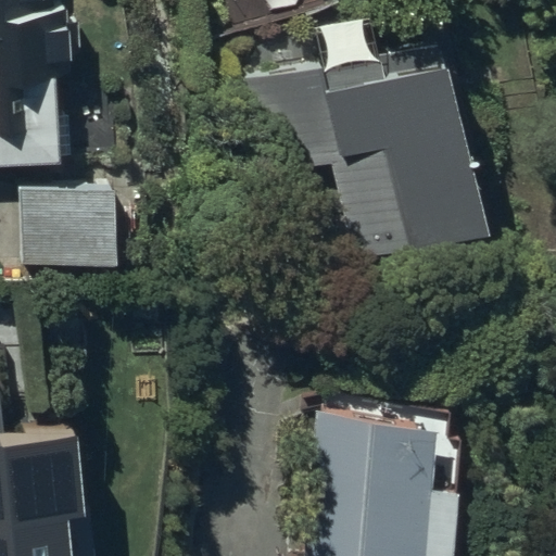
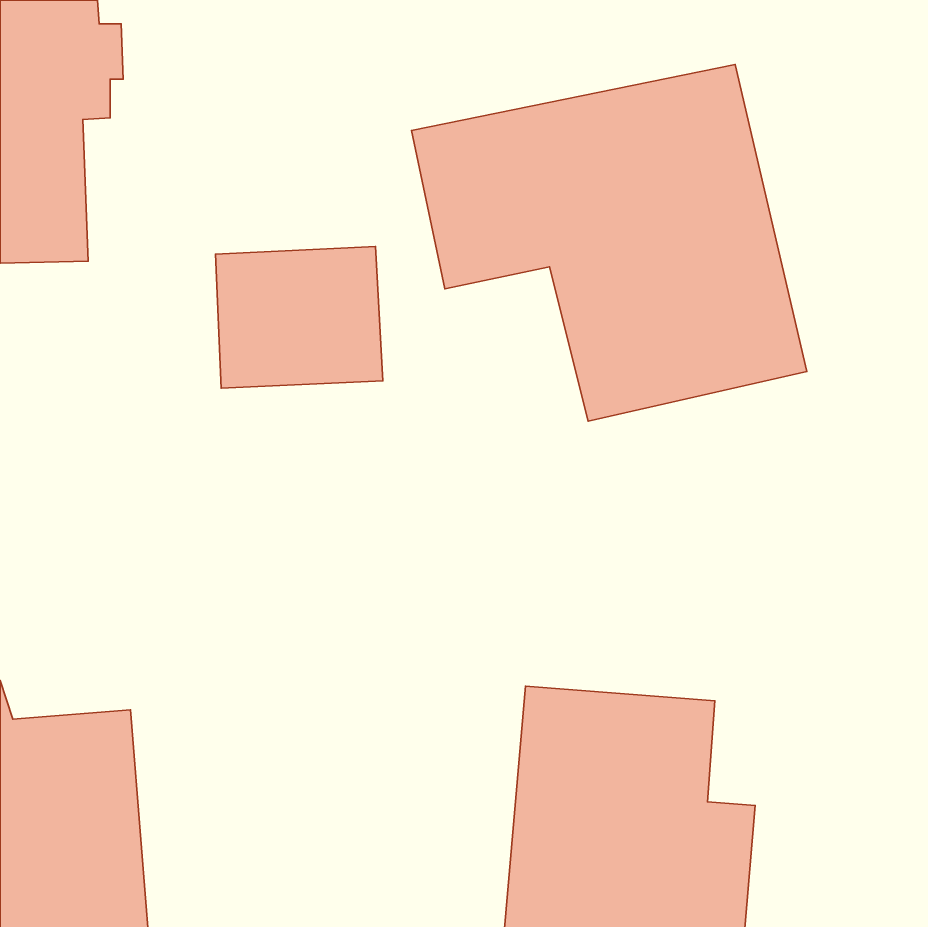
building: [18,185,117,268] -> [216,247,383,388]

